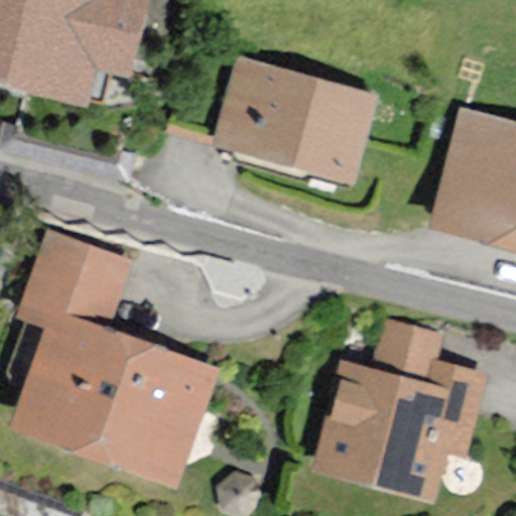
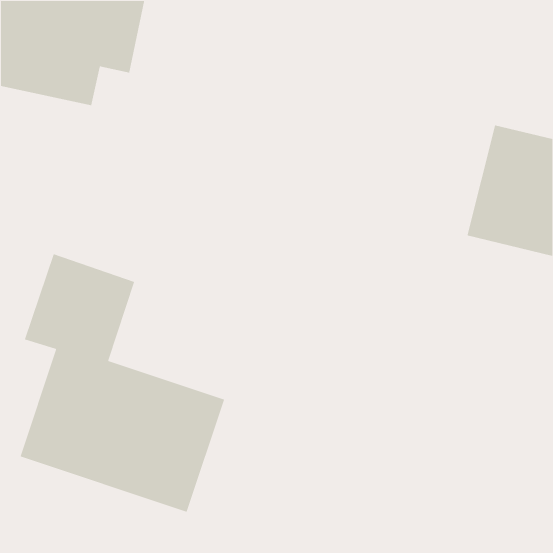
building: [221,64,372,179] -> none
building: [318,321,481,495] -> none

